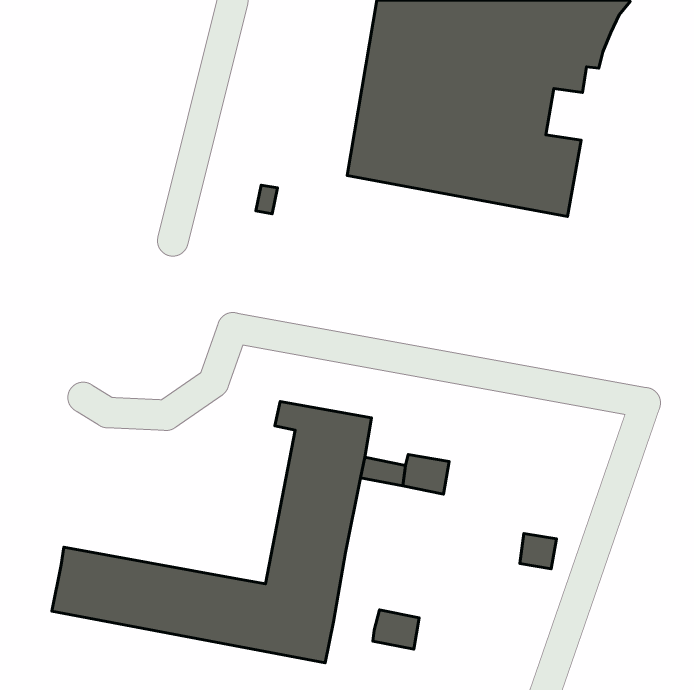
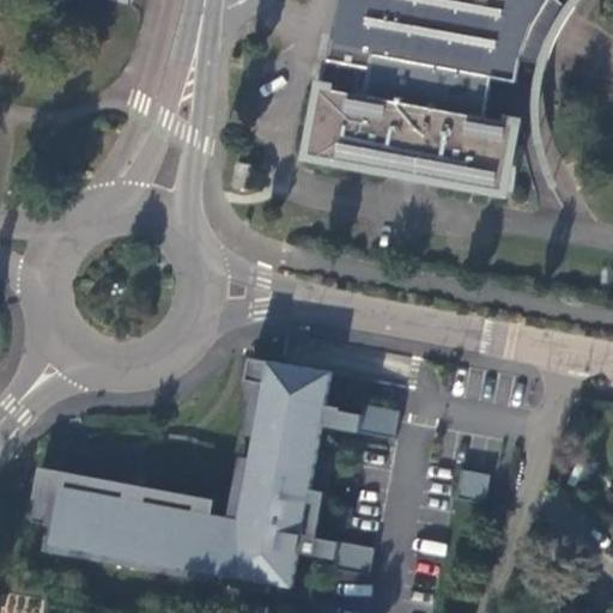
building: none -> [30,466,212,514]
building: none -> [295,491,335,559]

